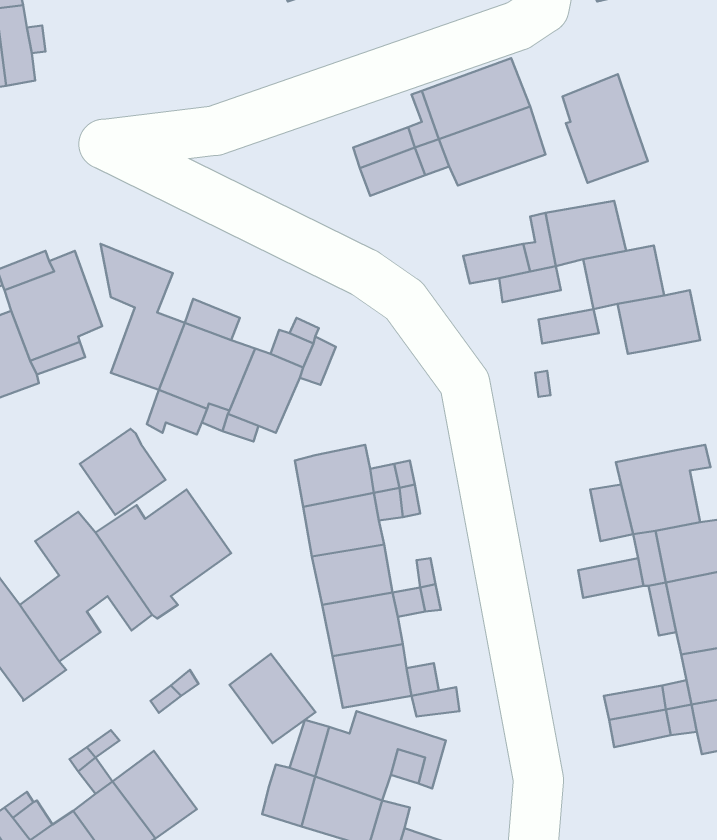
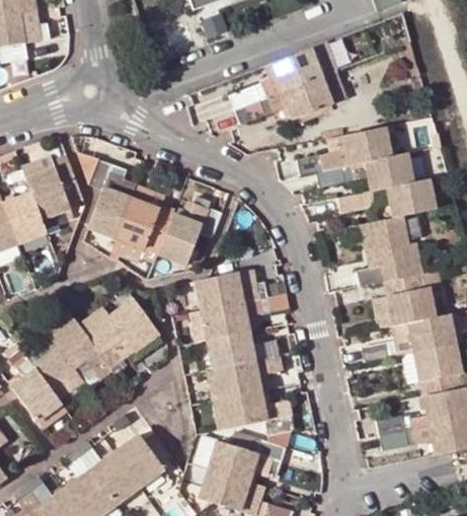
building: [562,74,648,183] -> none
building: none -> [356,216,421,287]
building: [80,429,165,515] -> none
building: [229,654,315,743] -> [113,434,164,487]

